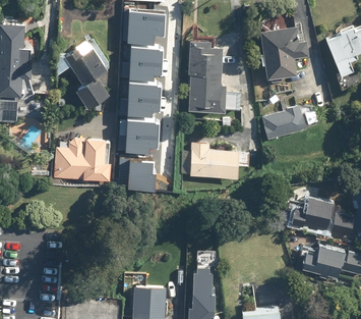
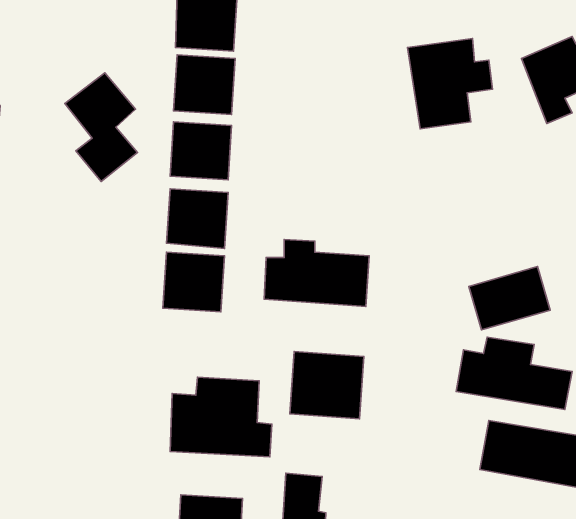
building: [187,40,240,112] -> none
building: [261,105,307,141] -> [469,267,550,330]
building: [54,138,111,182] -> [170,377,272,457]
building: none -> [290,351,364,419]

